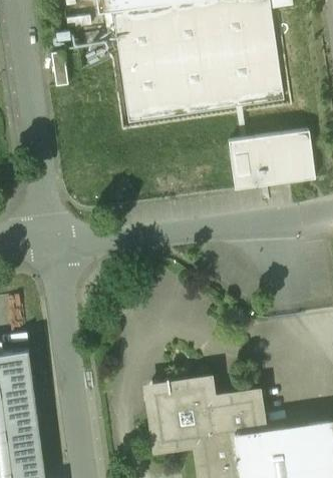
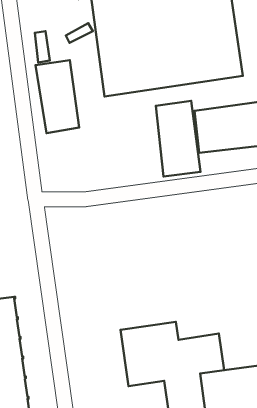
building: none -> [36,60,79,133]
building: none -> [156,101,201,177]

